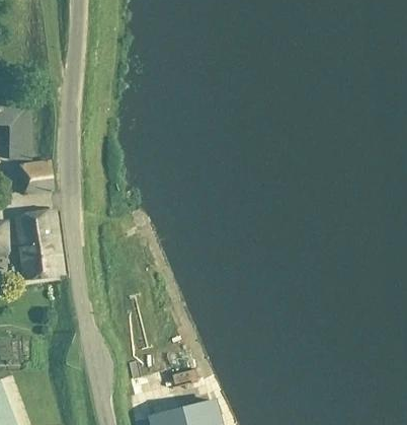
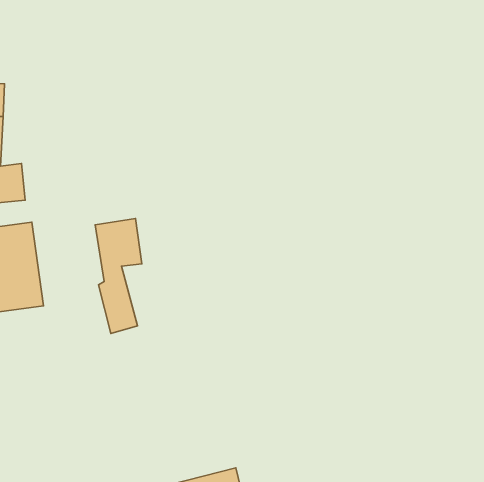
building: none -> [95,218,142,334]

